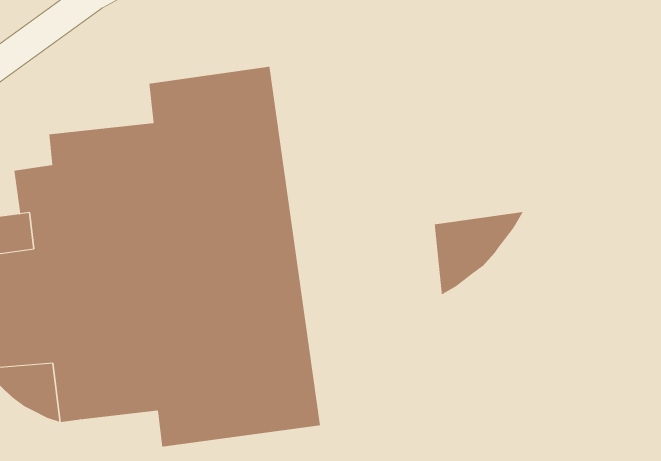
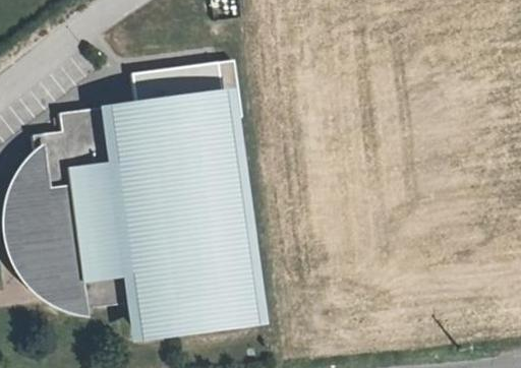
building: [434,211,524,295] -> none

